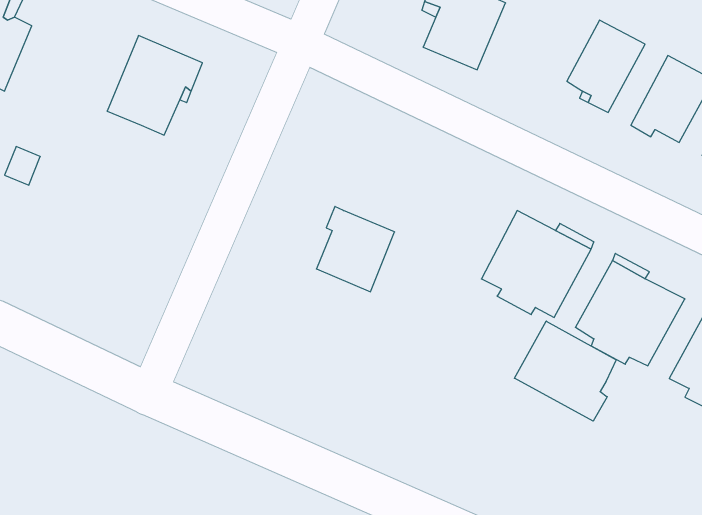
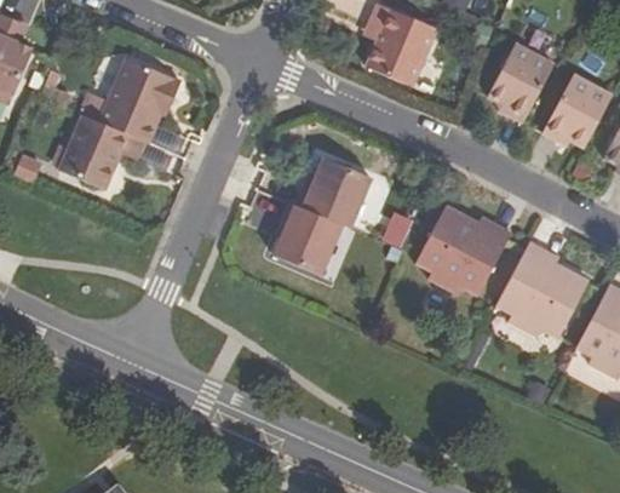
building: none -> [57,113,126,188]
building: none -> [298,156,371,227]
building: [514,321,616,421] -> none

